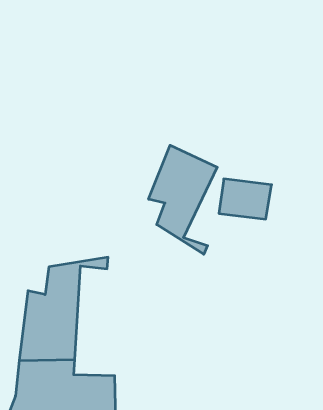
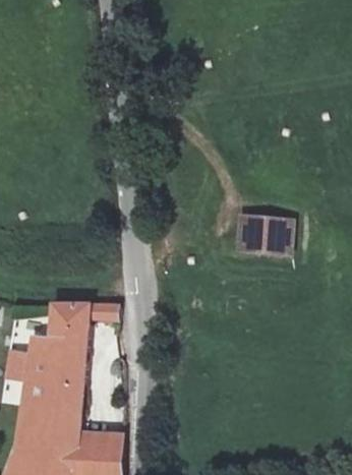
building: [149,145,217,254] -> none

